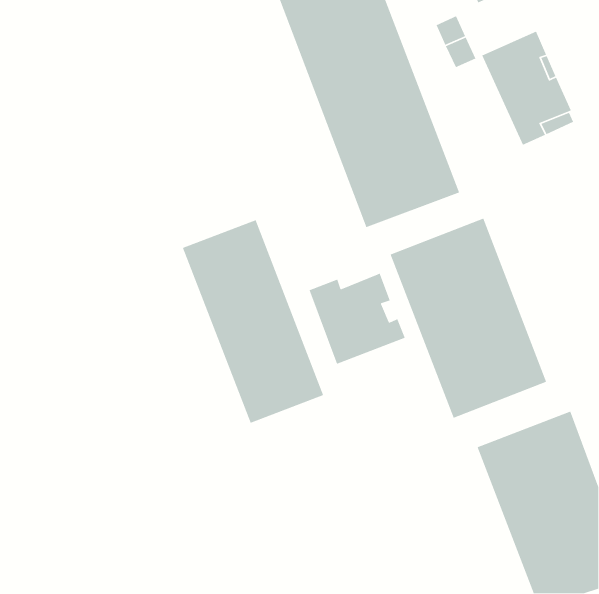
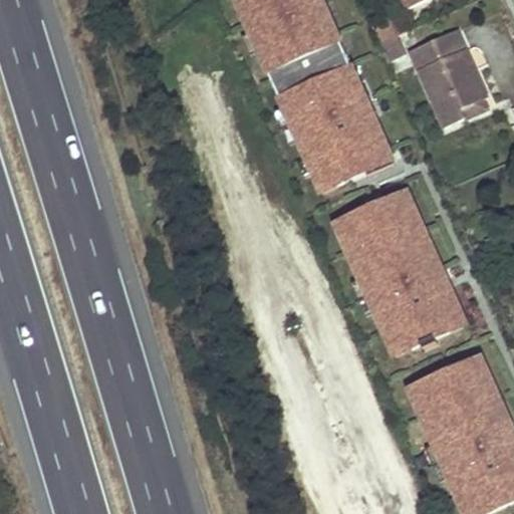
building: [182,219,324,424] -> none
building: [308,273,406,365] -> none

